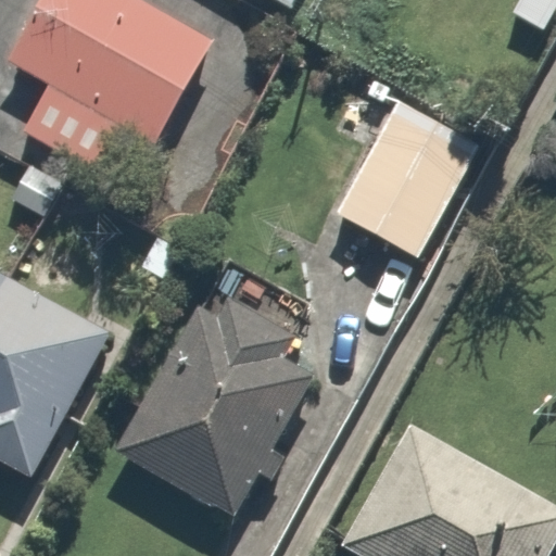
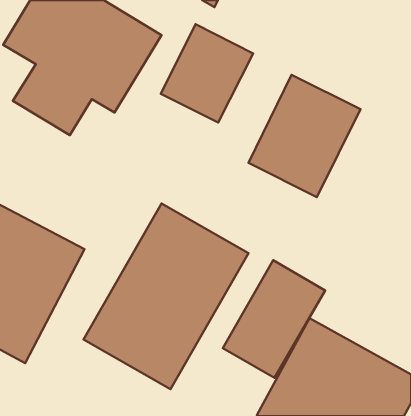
building: none -> [161,24,253,123]
building: none -> [223,260,325,378]

